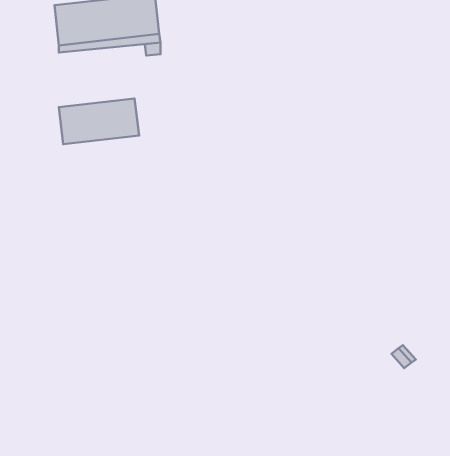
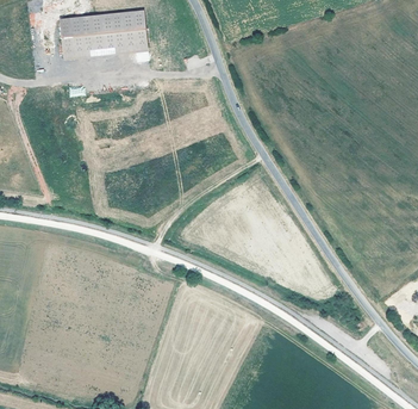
building: [59,99,139,144] -> none

